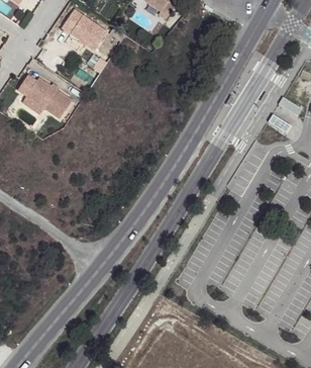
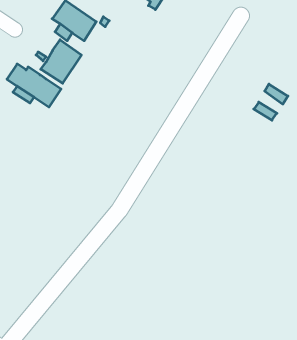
building: none -> [41,40,81,83]

